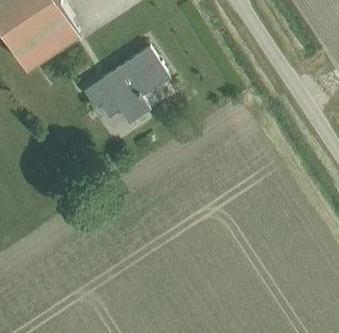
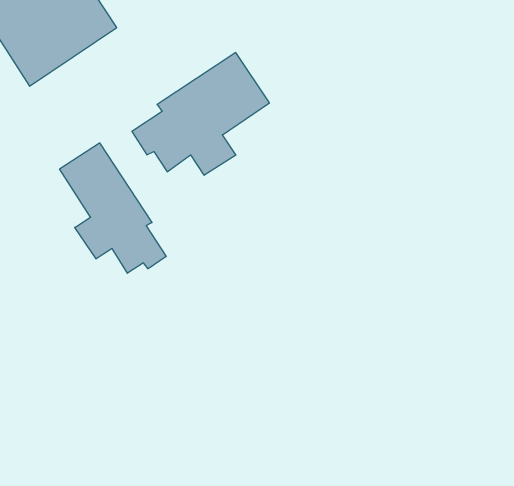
building: none -> [60,143,166,273]

